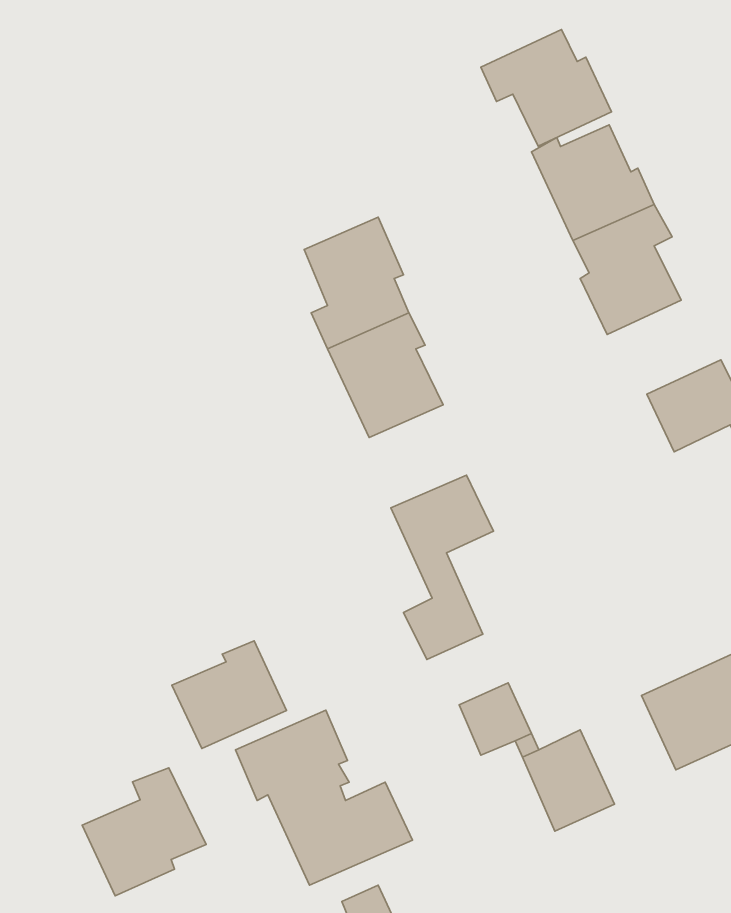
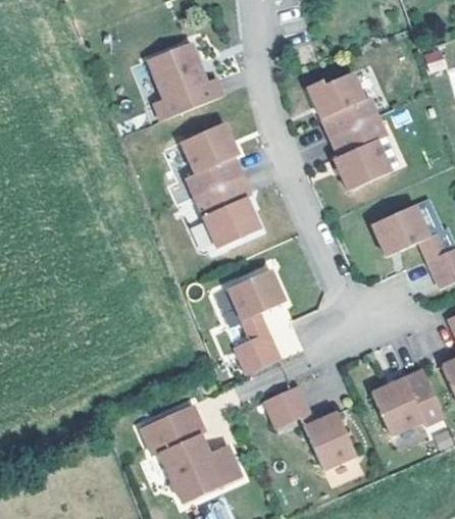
building: [481,30,611,146] -> none
building: none -> [144,43,220,121]
building: [172,641,287,748] -> none
building: [82,768,206,896] -> none

